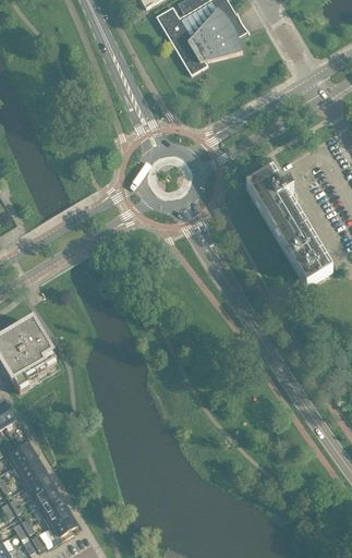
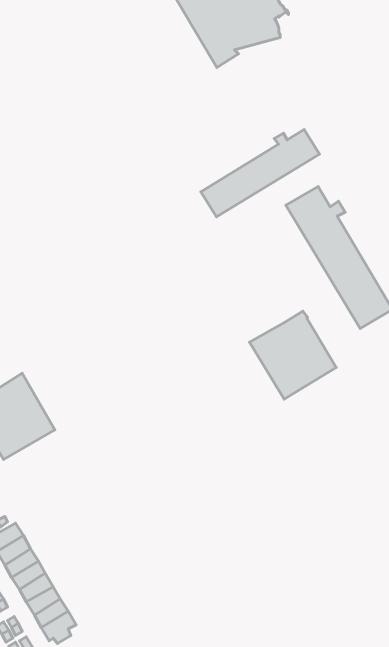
building: none -> [201,129,320,217]
building: none -> [249,311,336,399]

